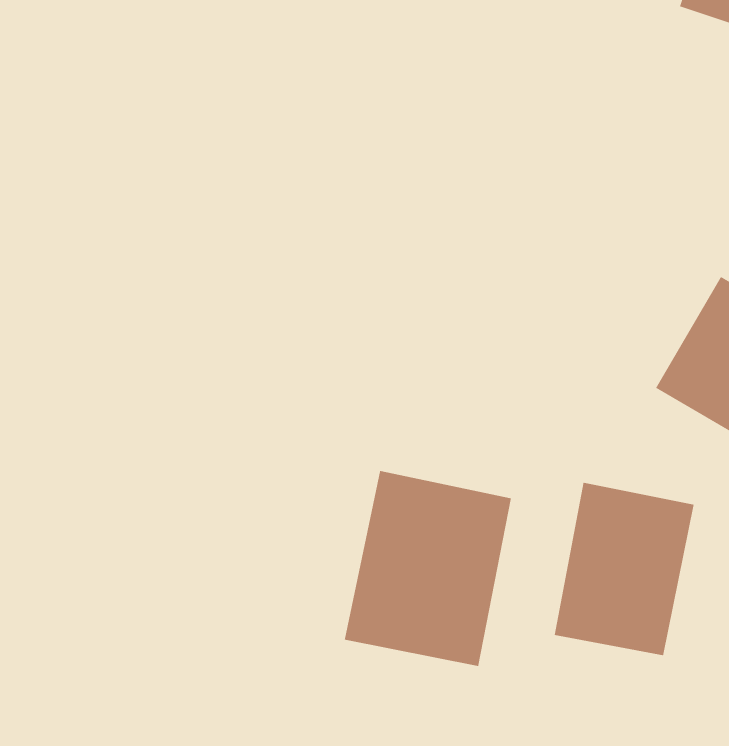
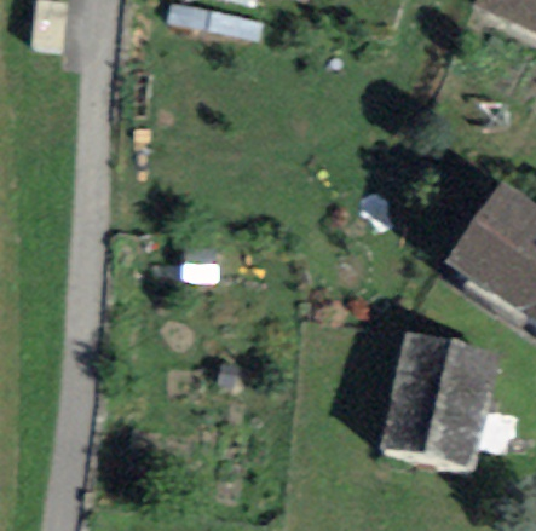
building: [344,470,511,667] -> none

